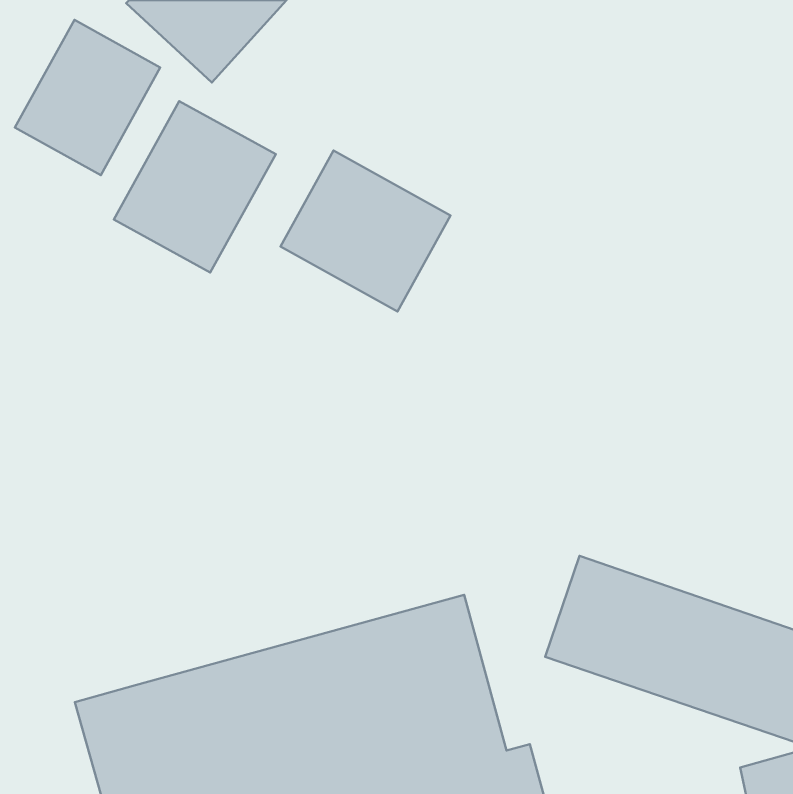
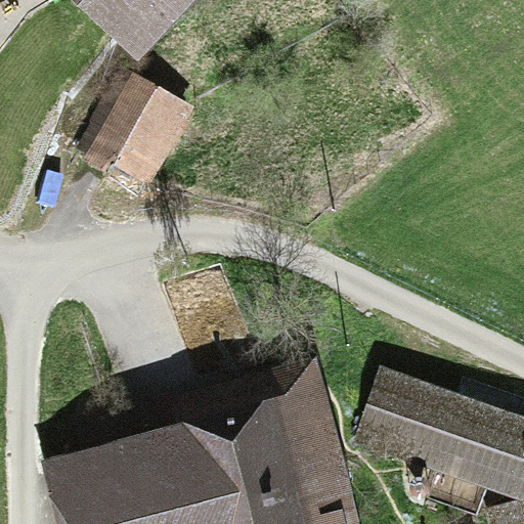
building: [15,20,160,175] -> none
building: [280,150,451,312] -> none

